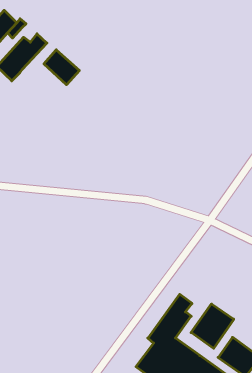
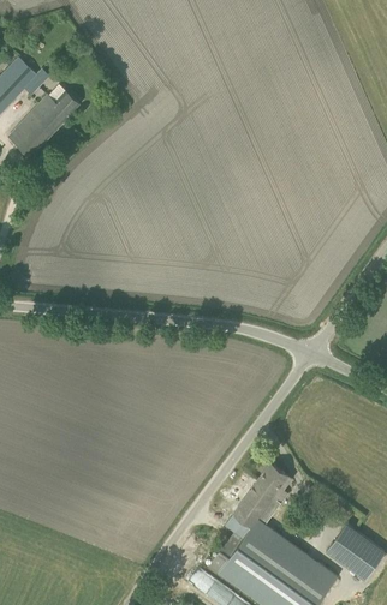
building: [44,50,79,85] -> none
building: [191,304,234,348] -> none

